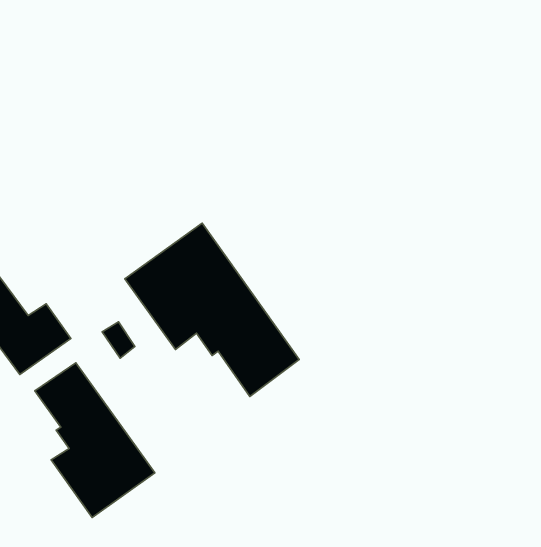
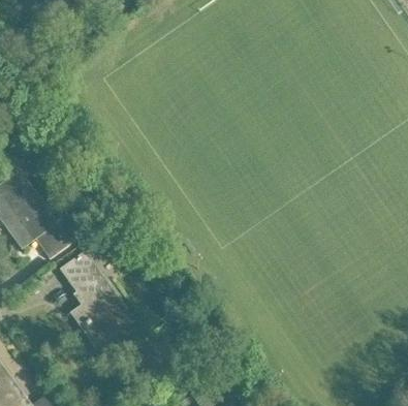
building: [125,223,299,396] -> none

